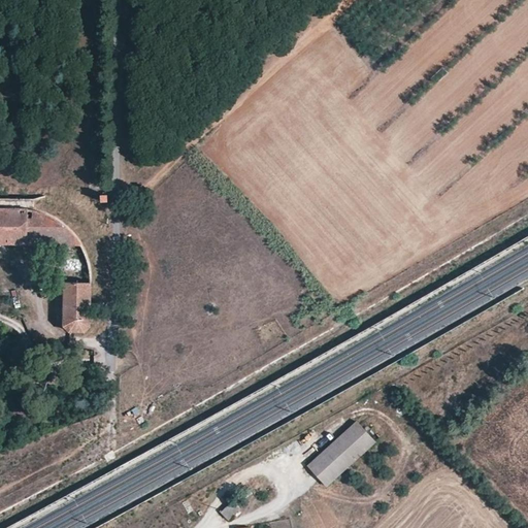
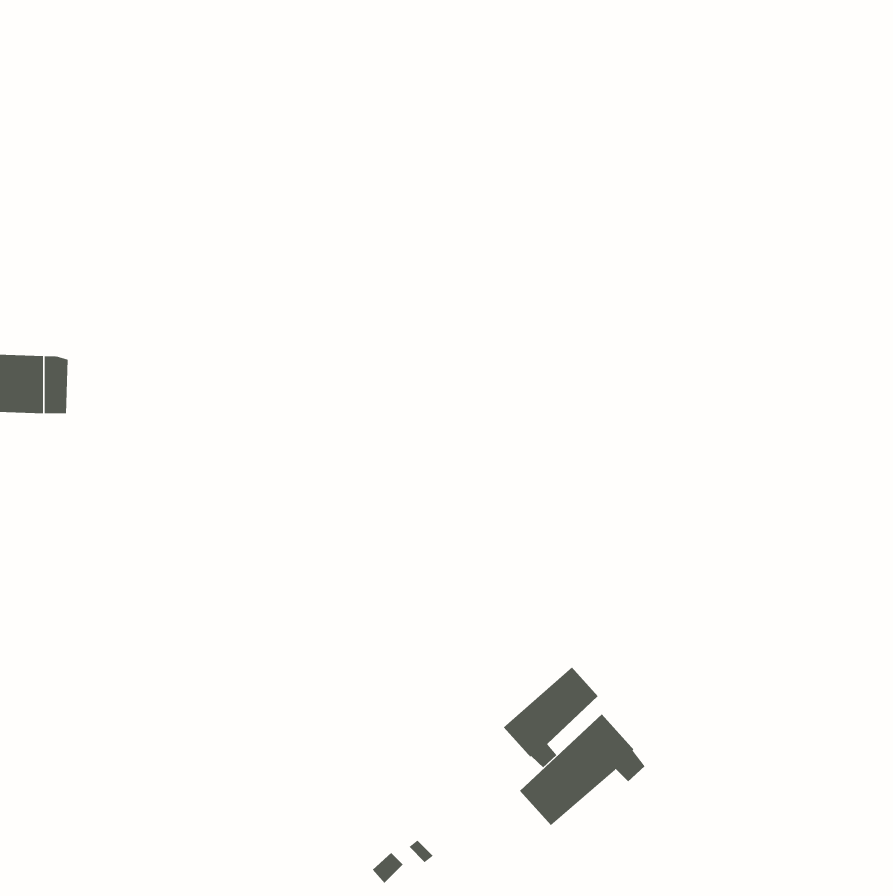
building: [61,282,88,331] -> none
building: none -> [503,667,599,768]

